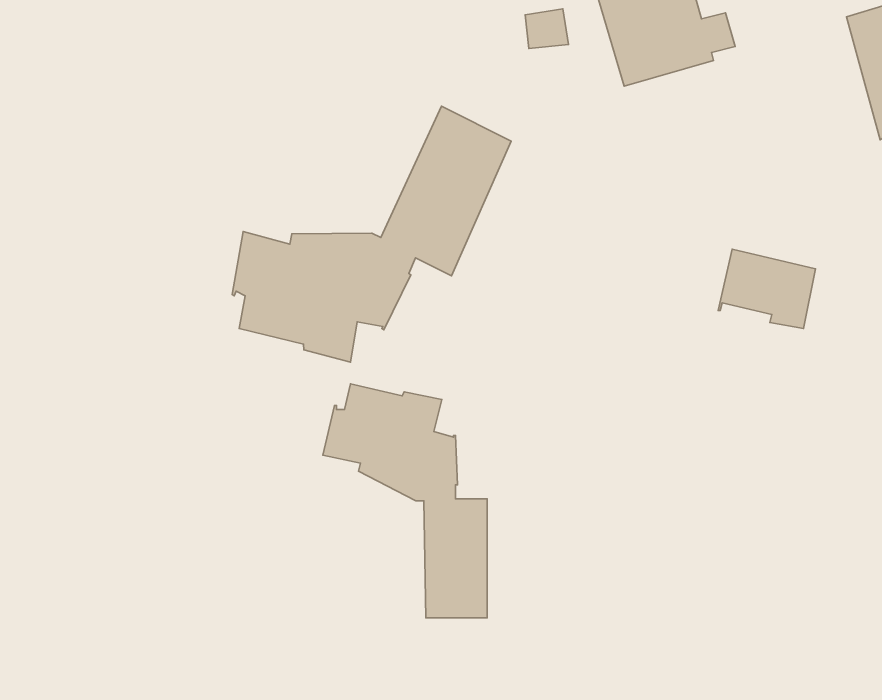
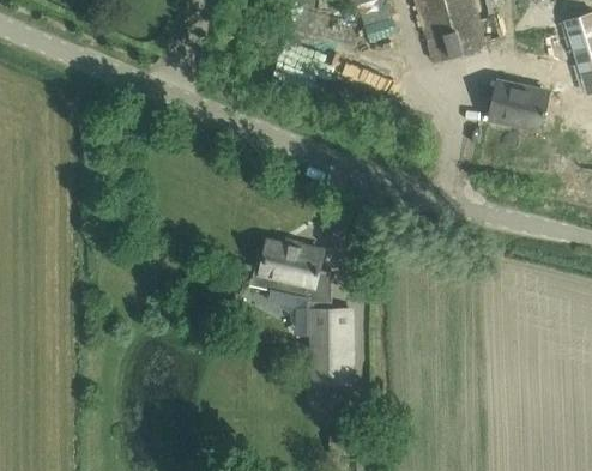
building: [232,106,511,362] -> none
building: [718,249,815,328] -> [489,80,548,128]

